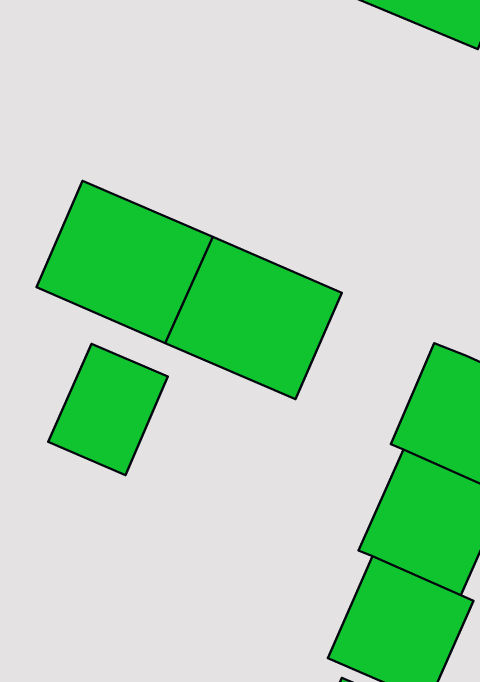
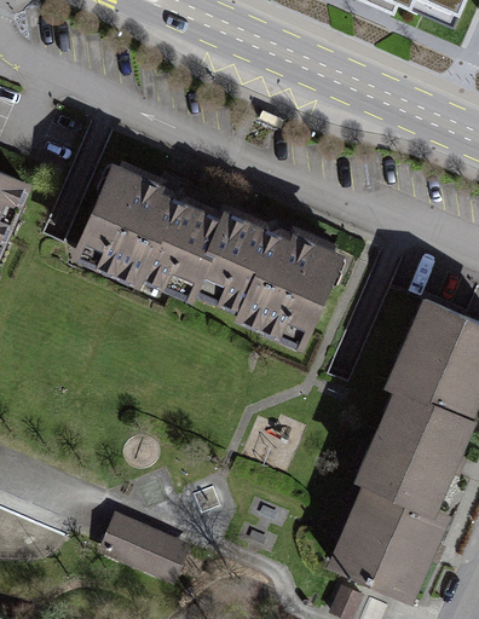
building: [48,344,168,475] -> none
building: none -> [98,513,190,580]

